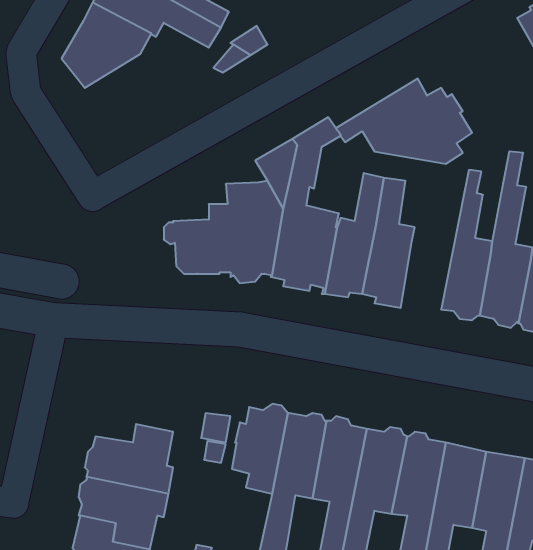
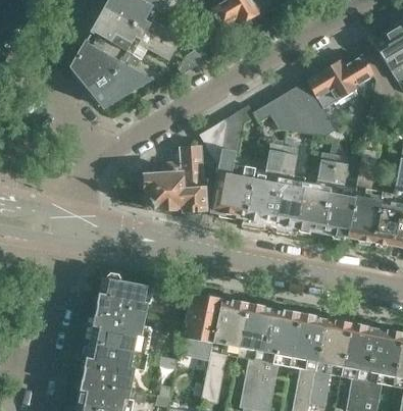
building: none -> [319,55,373,101]
building: none -> [87,63,150,106]
building: none -> [295,151,337,233]
building: none -> [94,272,151,319]

